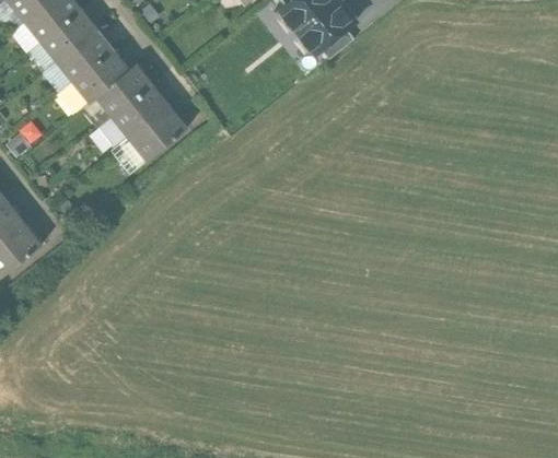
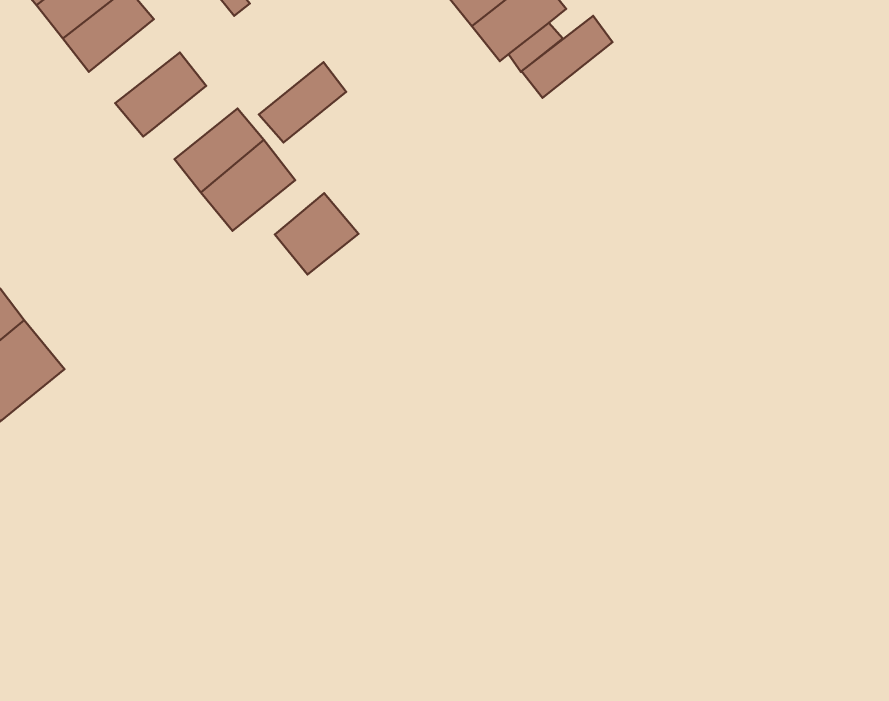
building: none -> [522,16,612,98]
building: [56,26,113,79] -> none
building: [94,63,149,114] -> [259,62,346,142]
building: none -> [275,193,358,275]

